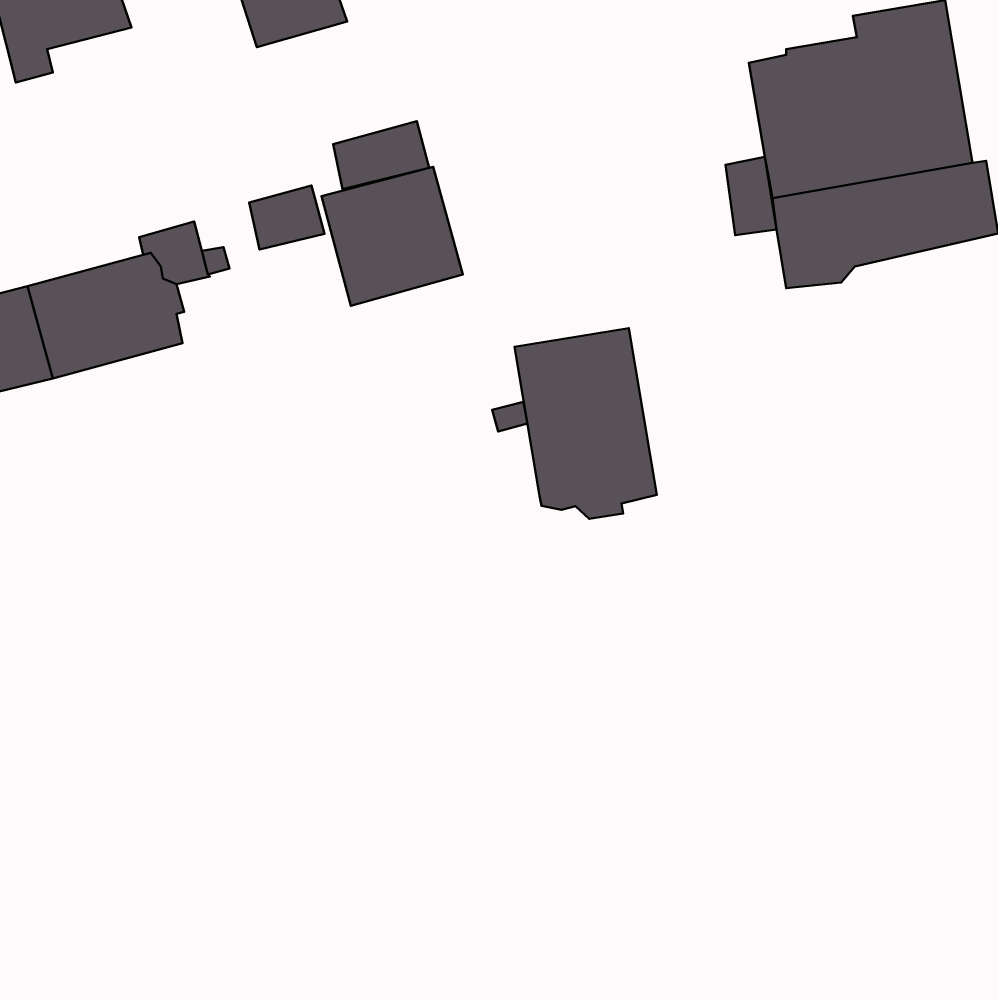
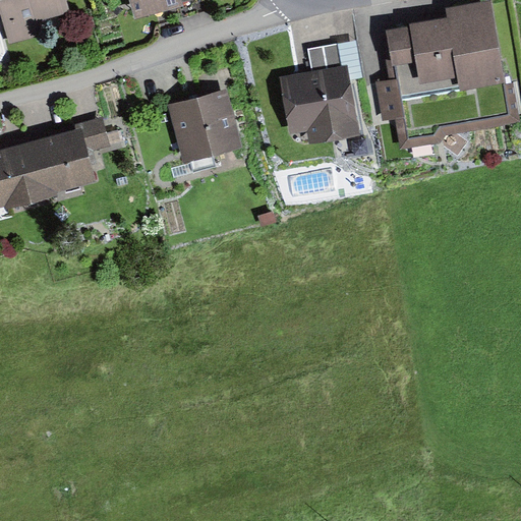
building: none -> [280,40,363,143]
building: [333,121,429,189] -> none
building: [249,186,324,249] -> none
building: [515,328,657,519] -> none

